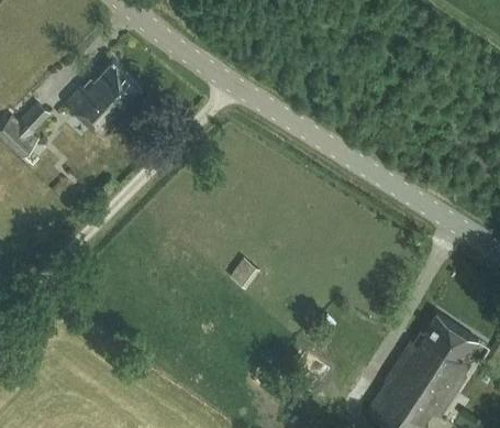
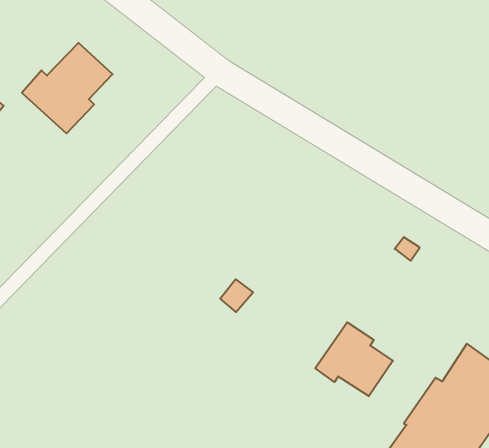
building: none -> [315,322,393,396]

